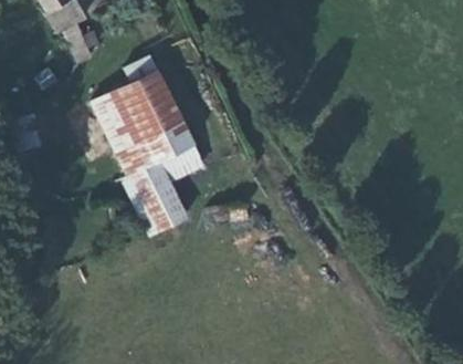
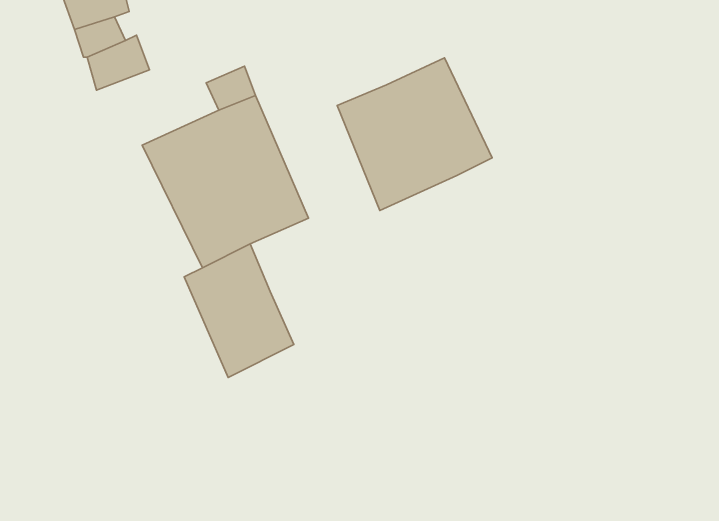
building: none -> [337,58,492,210]
building: [159,148,207,193] -> none

